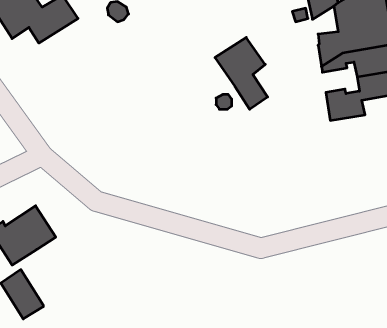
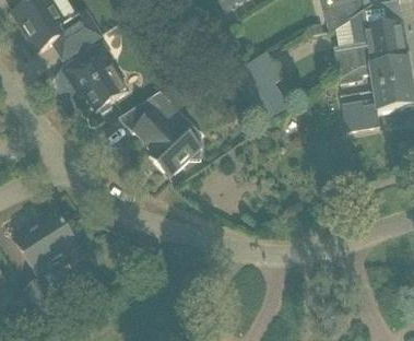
building: none -> [60,39,128,109]
building: none -> [117,90,200,169]

